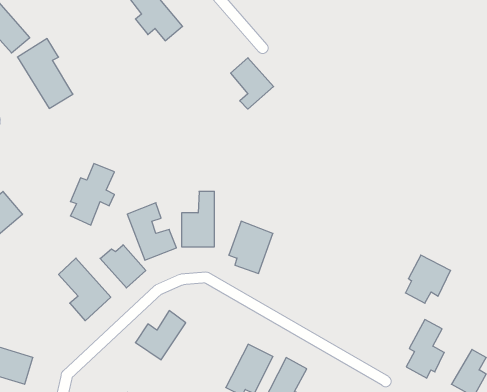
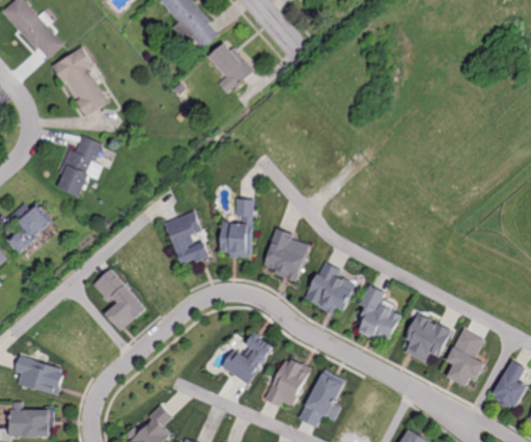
building: [231,58,274,109] -> [207,40,251,92]
building: [70,164,114,225] -> [57,134,102,196]
building: [100,245,146,288] -> none
building: none -> [304,259,355,313]
building: [405,255,451,303] -> [403,314,449,363]
building: none -> [354,283,397,340]
building: [135,311,186,360] -> [221,334,272,384]

